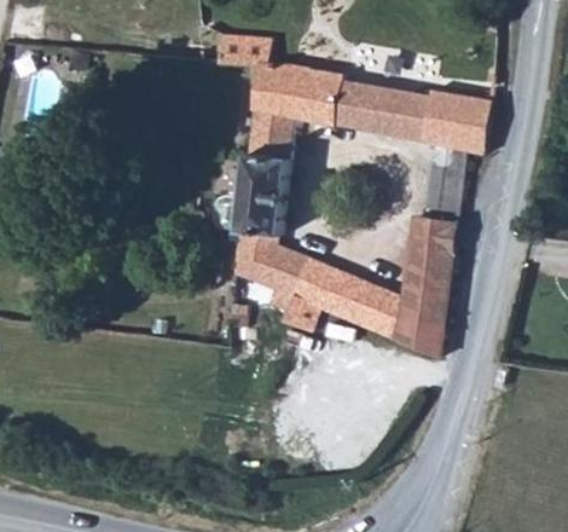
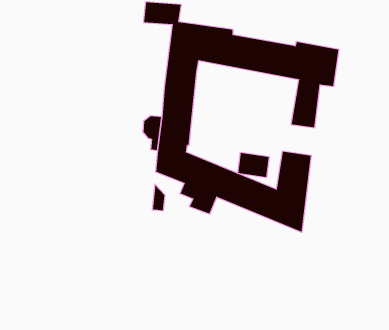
building: [411,214,456,249] -> [237,152,269,178]

